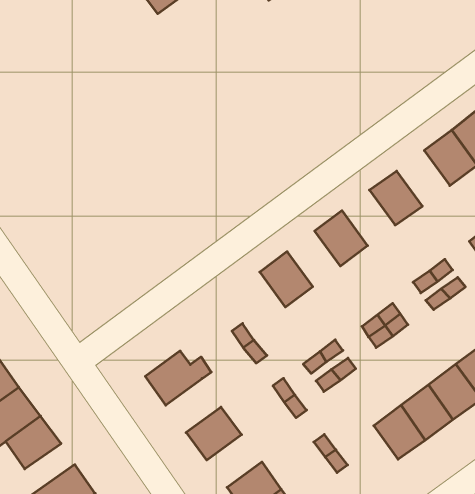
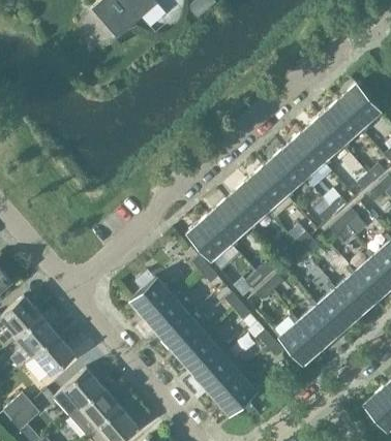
building: none -> [302,120,341,160]
building: none -> [265,152,304,192]
building: none -> [228,185,267,225]
building: none -> [189,218,230,258]
building: none -> [149,298,189,339]
building: none -> [281,322,321,363]
building: none -> [182,337,222,376]

